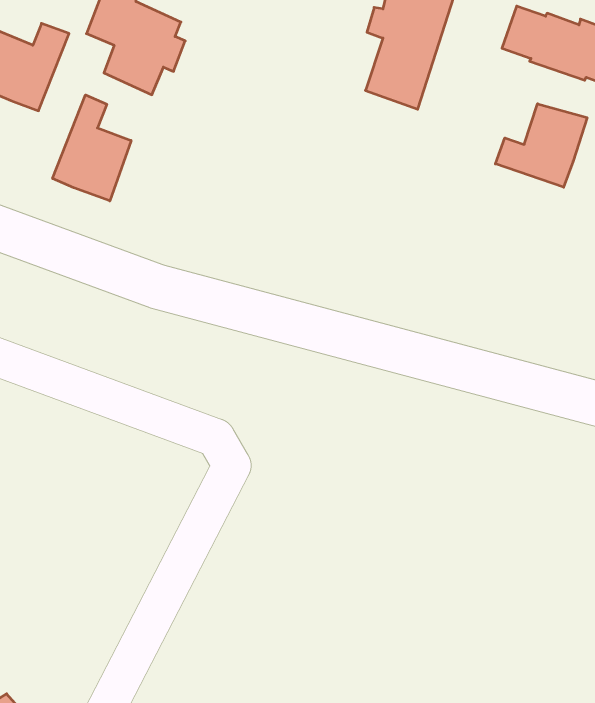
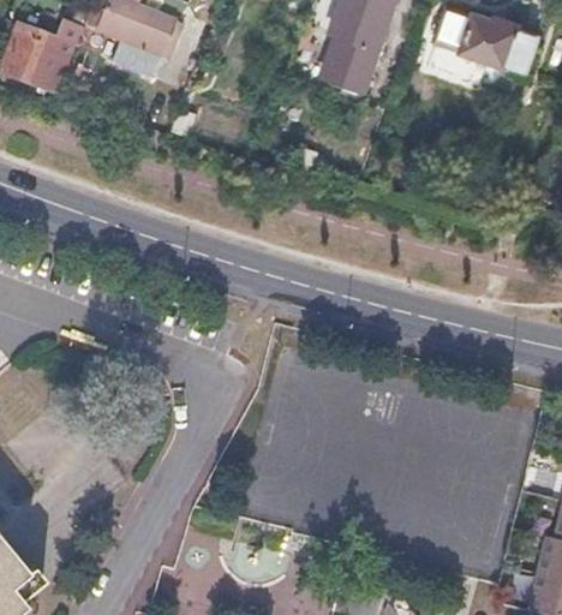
building: [53,95,131,201] -> none
building: [495,104,587,187] -> none

